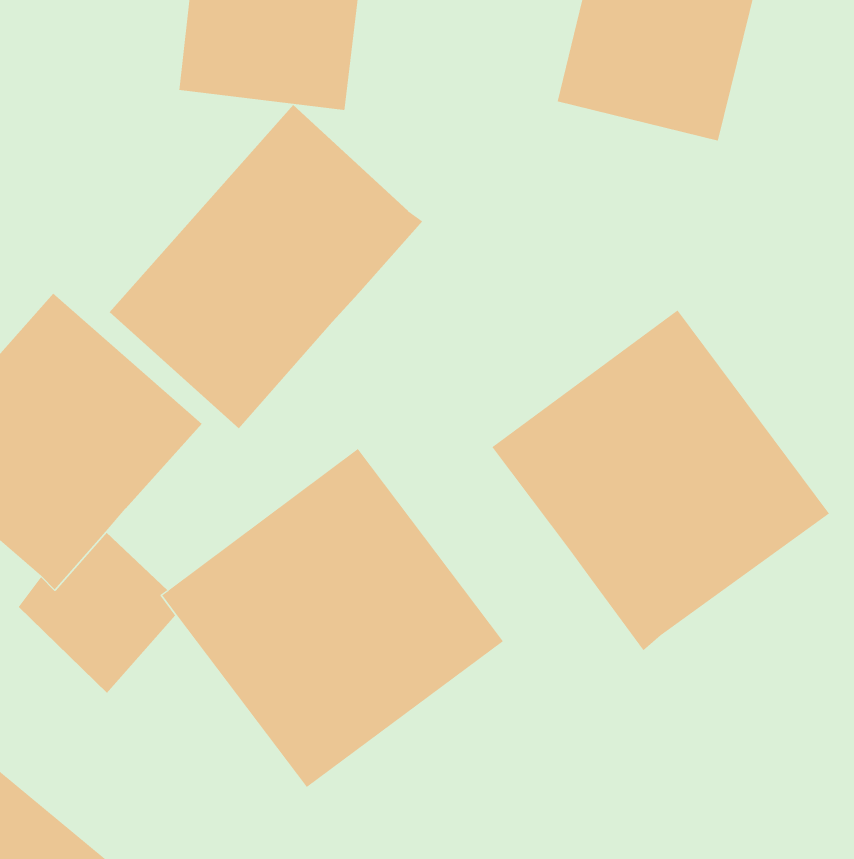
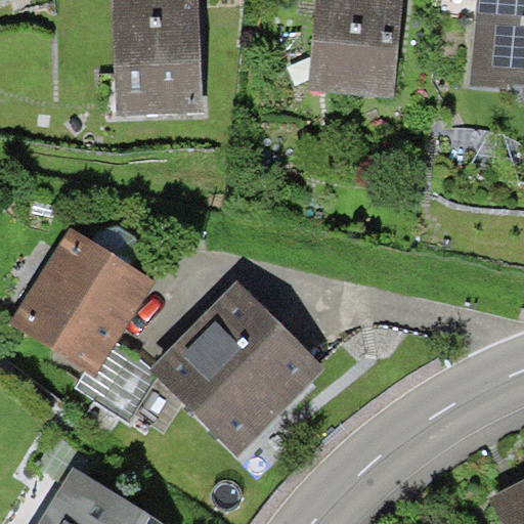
building: [109,104,423,429] -> none
building: [491,310,830,651] -> none

